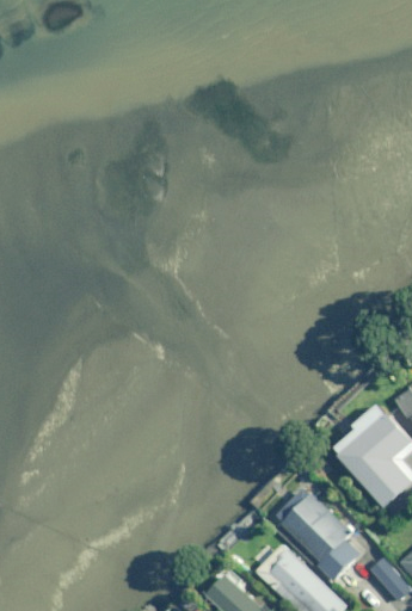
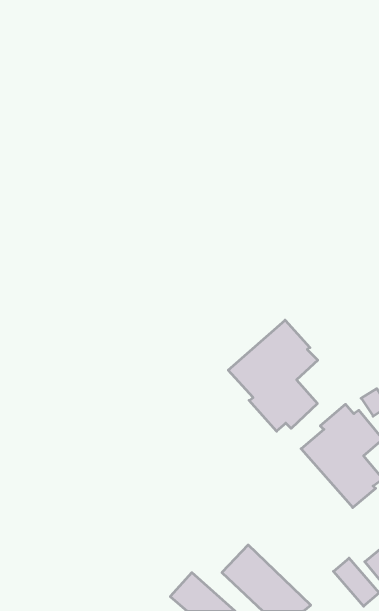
building: none -> [228,320,318,431]
building: [273,486,357,580] -> none

